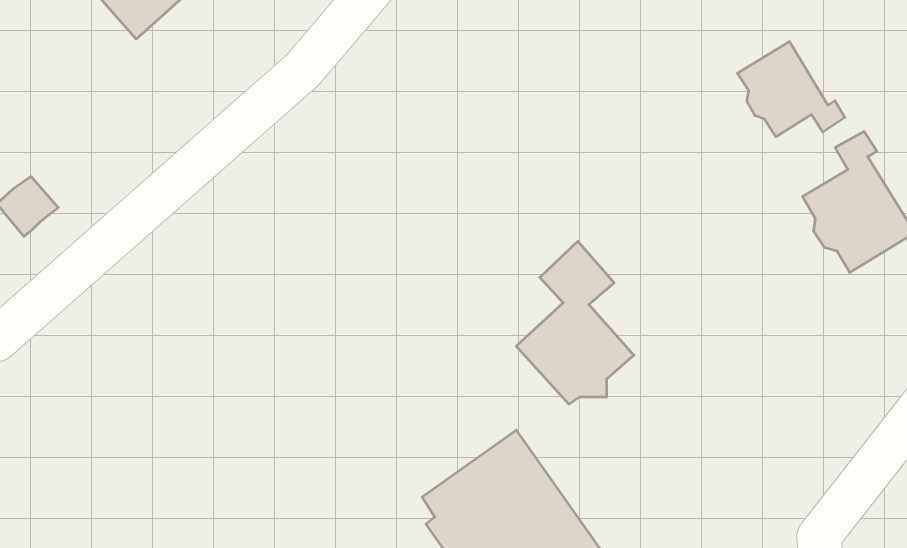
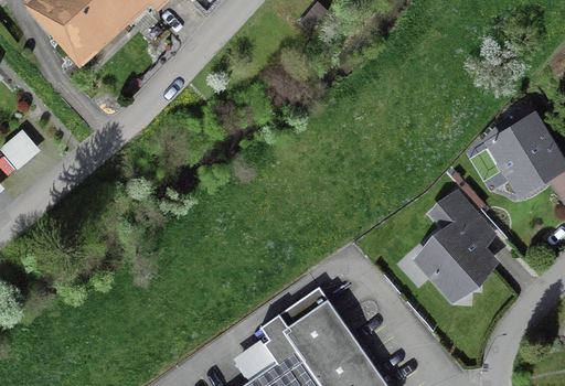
building: [737,42,845,137] -> none
building: [516,241,634,404] -> [418,194,490,293]

